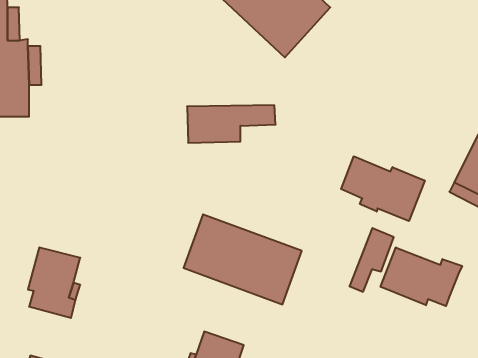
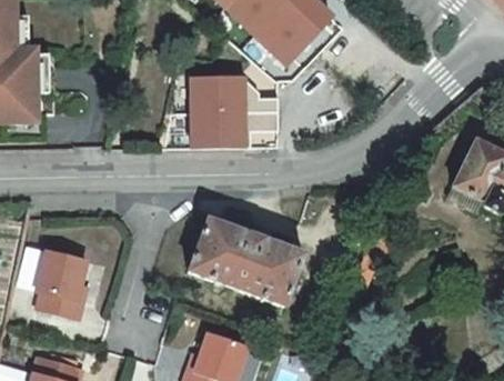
building: none -> [191,78,276,112]
building: [341,156,425,221] -> none
building: [381,247,462,306] -> none

